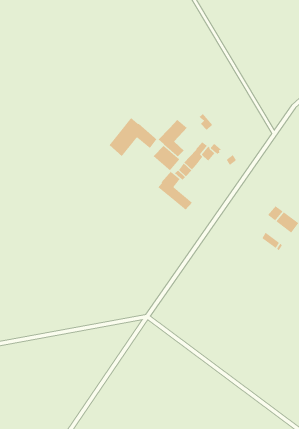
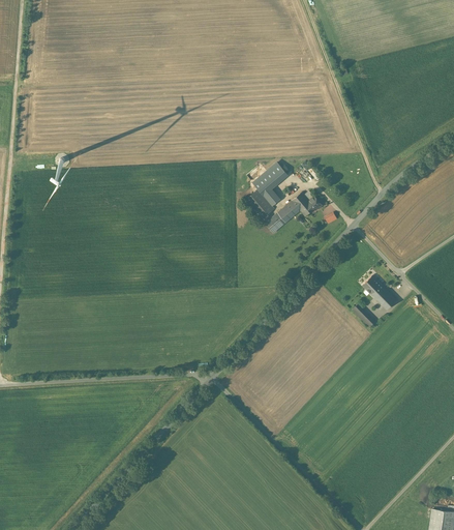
building: [109,117,158,157] -> none
building: [158,171,193,211] -> none

